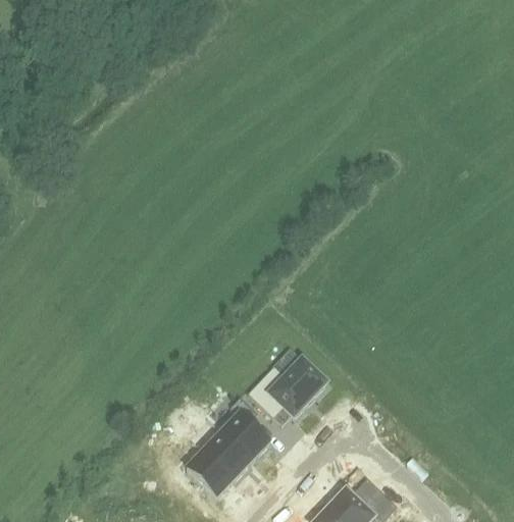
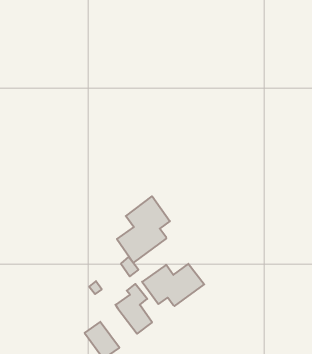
building: none -> [117,196,170,263]
building: [204,429,253,478] -> none

